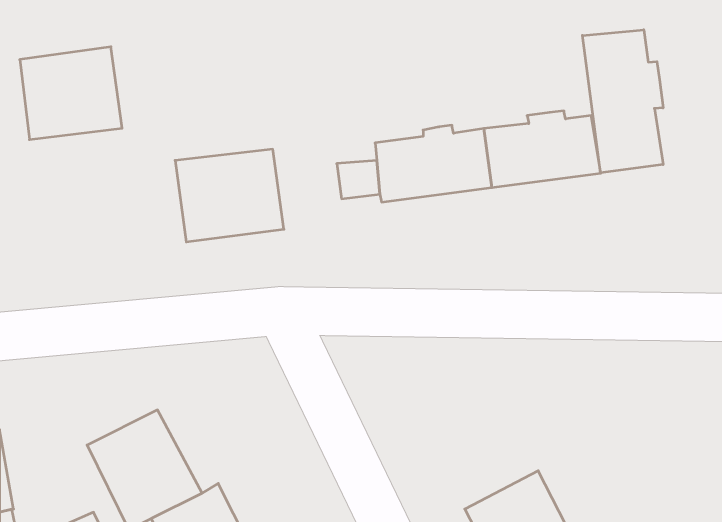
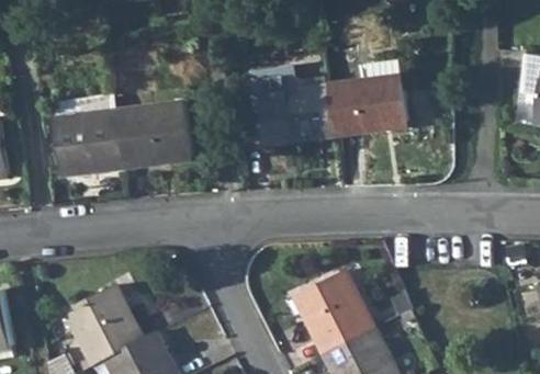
building: [582,30,663,173] -> none
building: [20,47,122,140] -> [60,112,131,175]
building: none -> [257,71,304,100]
building: none -> [294,269,372,351]

